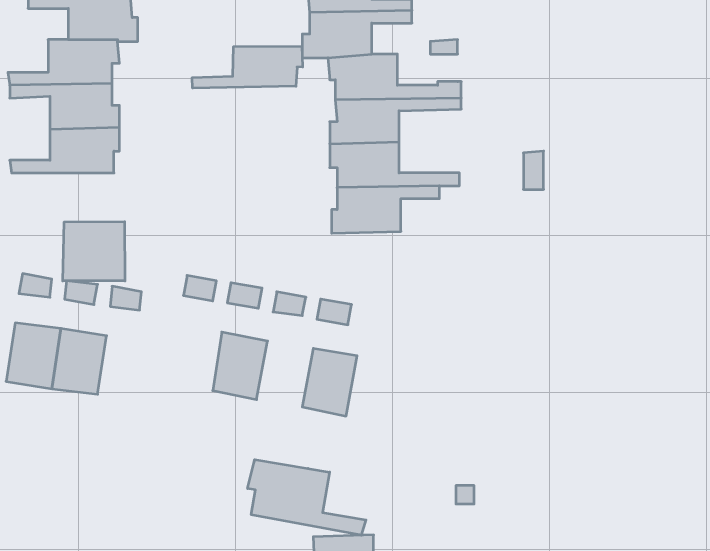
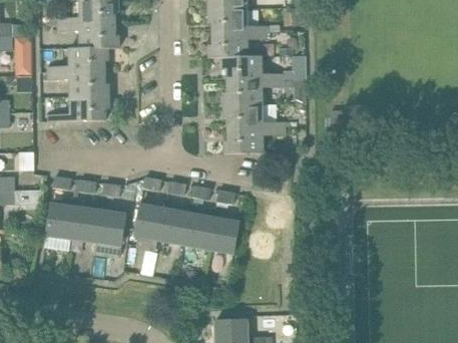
building: [192,46,303,88] -> none
building: [63,222,125,281] -> none
building: none -> [134,204,164,240]
building: none -> [96,210,125,245]
building: none -> [183,213,214,249]
building: [248,460,366,535] -> none

